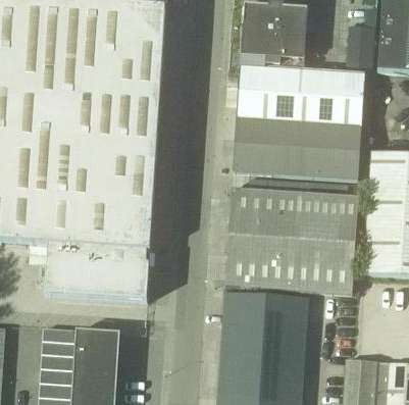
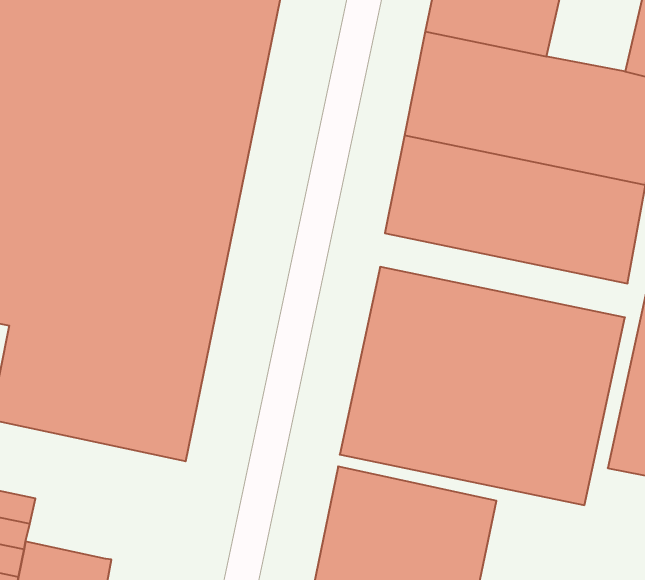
building: [72,330,119,355] -> none

